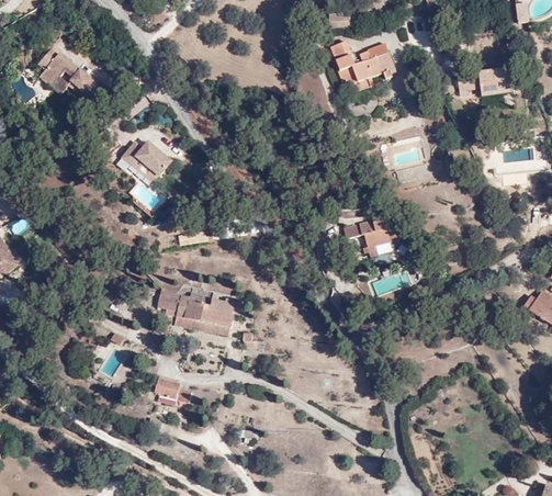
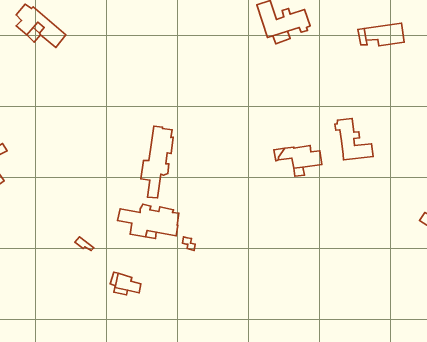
building: [121,145,168,179] -> none
building: none -> [335,119,373,160]
building: none -> [141,126,173,198]

